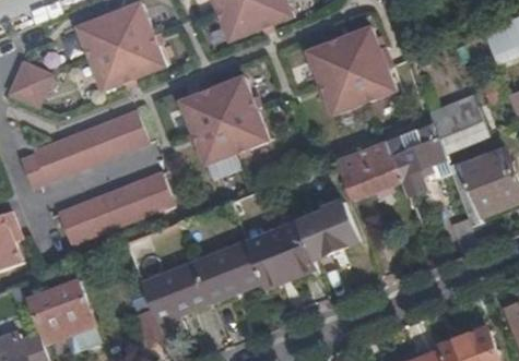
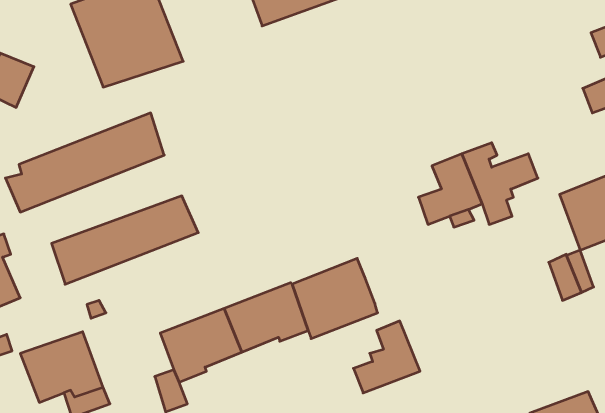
building: [304,24,391,107] -> none
building: [177,73,266,160] -> none
building: [443,105,491,152] -> none
building: [307,202,361,260] -> [353,321,420,393]

